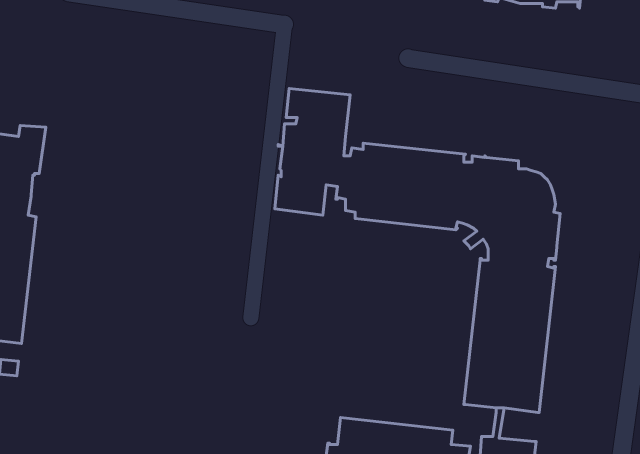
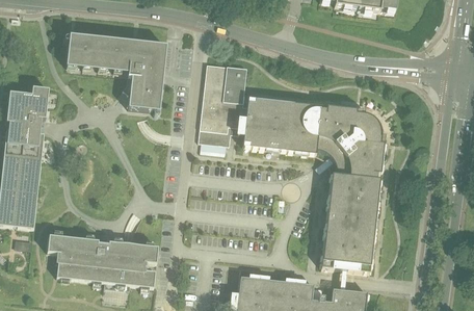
building: none -> [65,34,166,110]
building: none -> [47,234,158,289]

